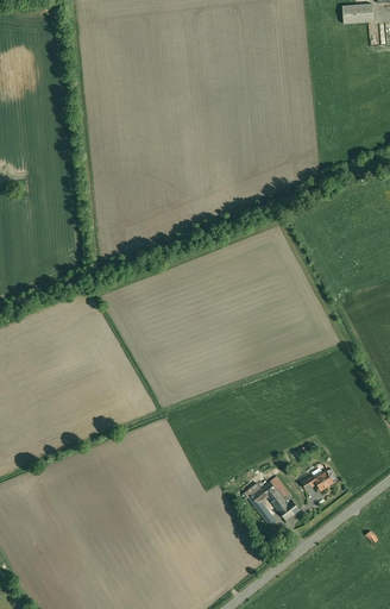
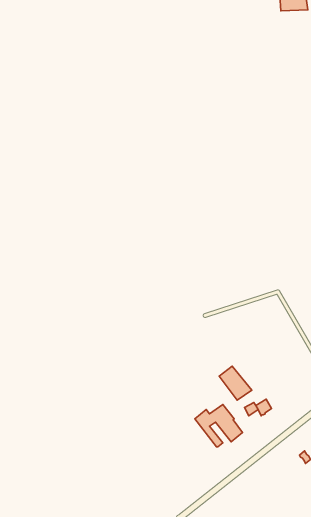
building: none -> [219,366,252,400]

